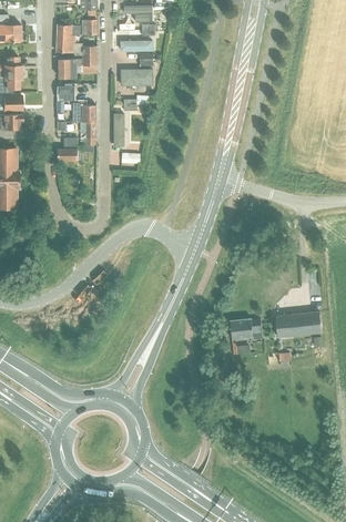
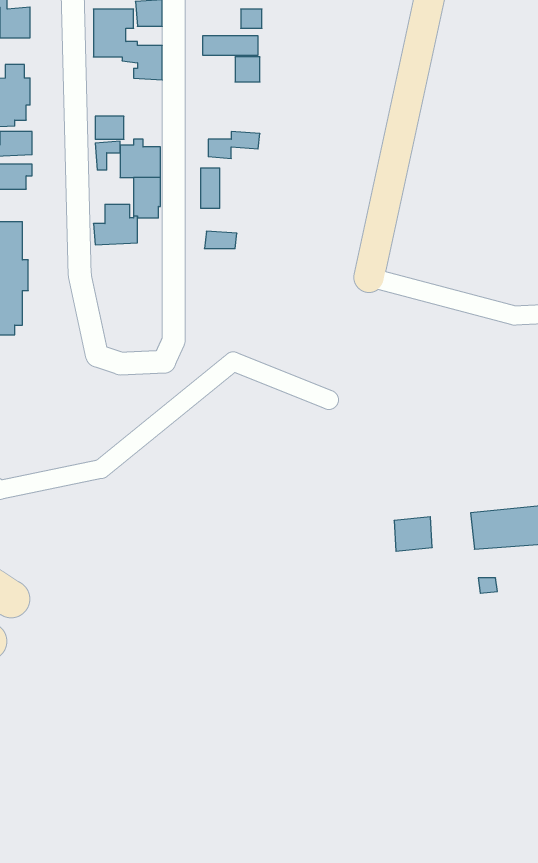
building: [59,58,96,78] -> none
building: [120,69,153,85] -> none

